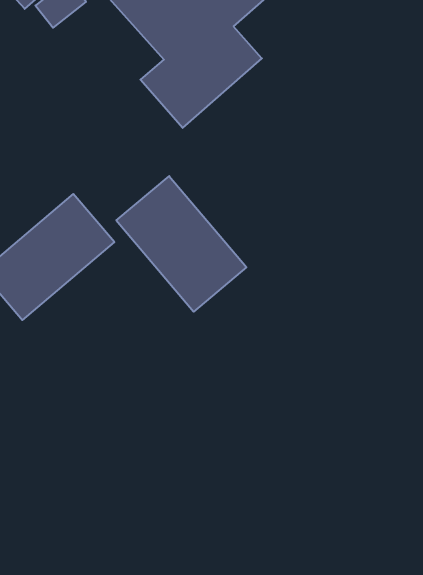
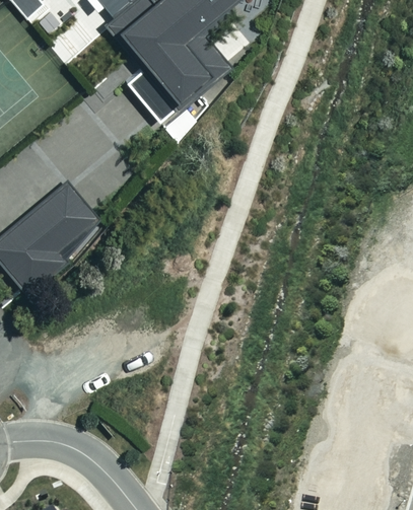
building: [116,176,246,312] -> none

